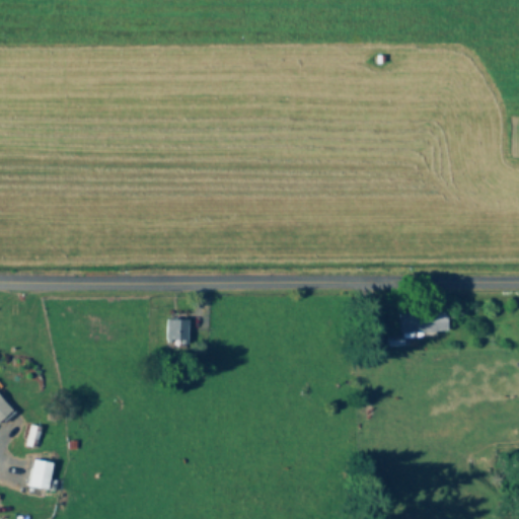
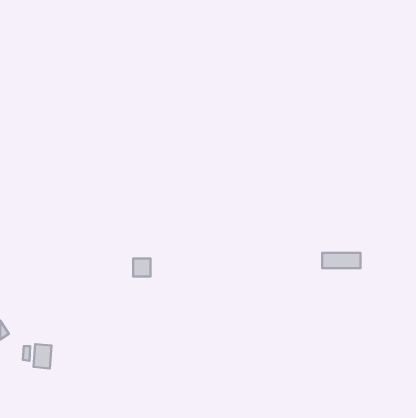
building: [31,460,54,491] -> [33,344,51,369]

